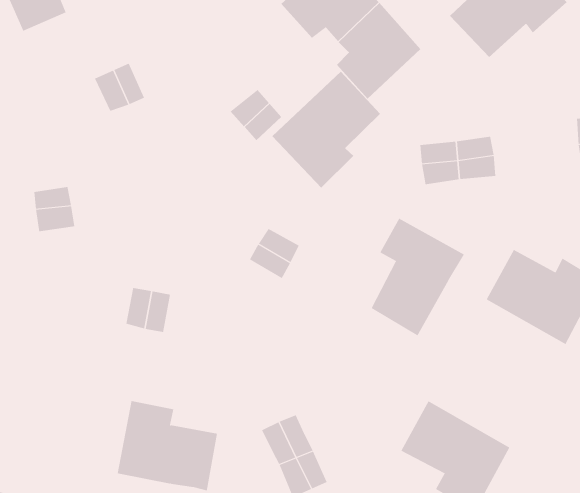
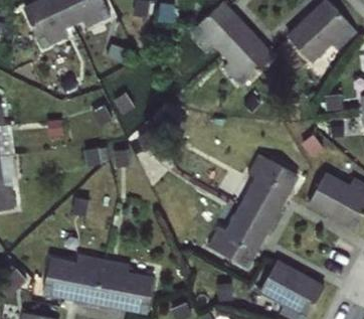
building: [271,71,381,189] -> none
building: none -> [208,207,269,267]
building: none -> [43,256,104,303]

